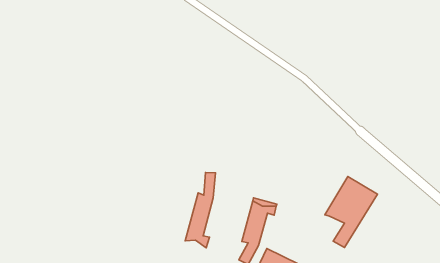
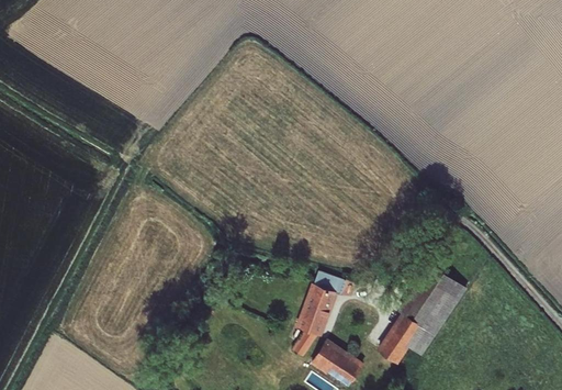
building: [185,172,215,248] -> none
building: none -> [381,309,423,355]

